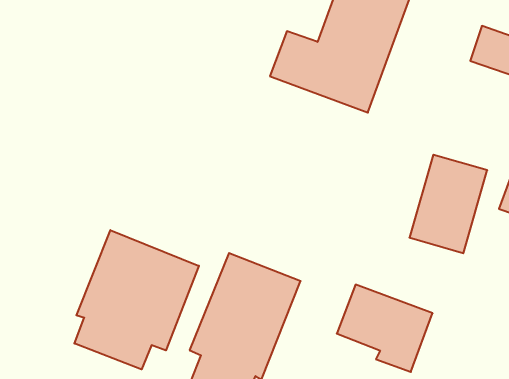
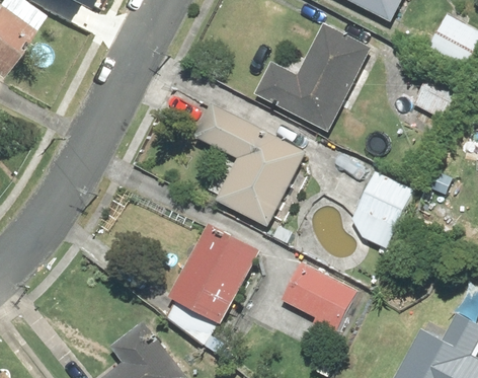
building: none -> [198,101,309,227]
building: [74,230,199,369] -> none

